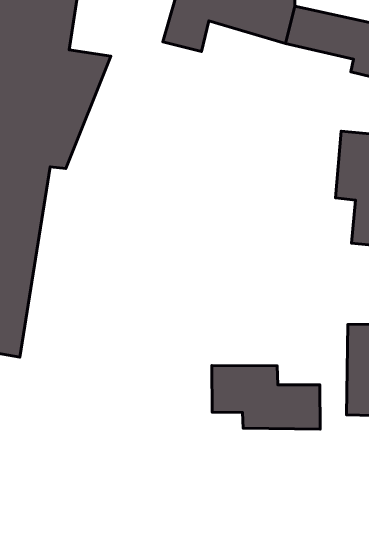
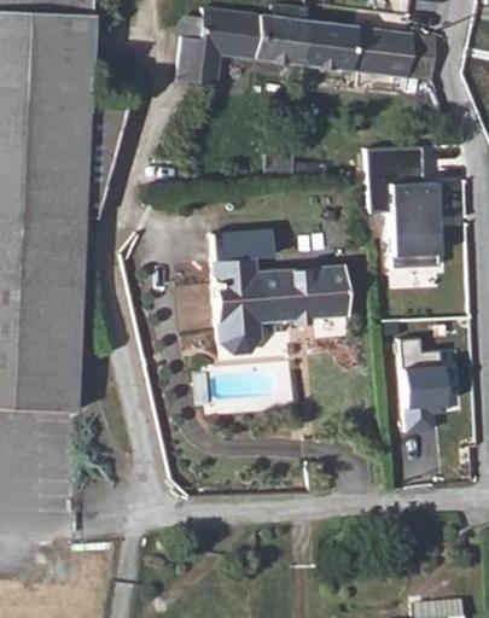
building: none -> [206,228,342,354]
building: [212,366,320,429] -> none

